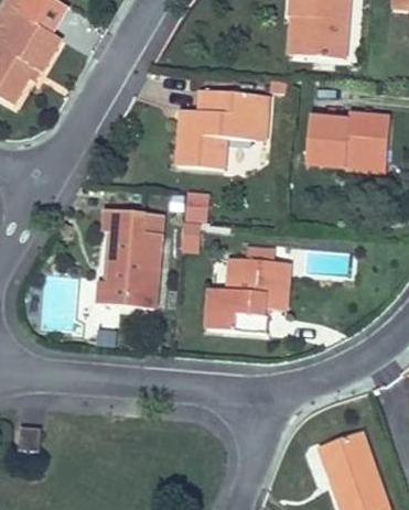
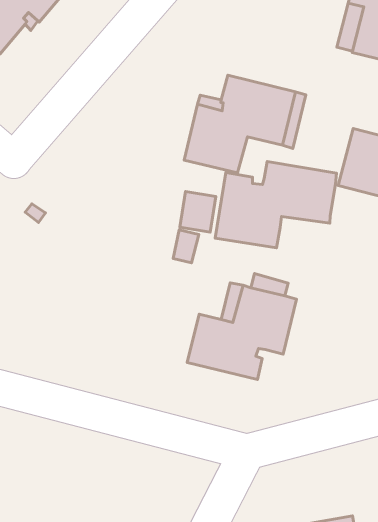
building: none -> [215,162,337,248]
building: [98,209,162,307] -> none

